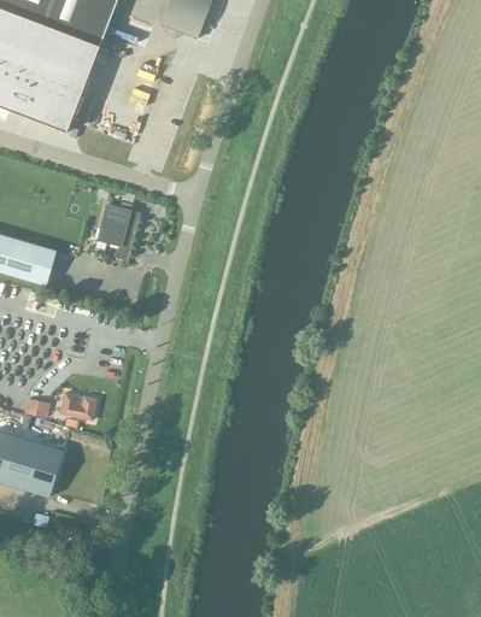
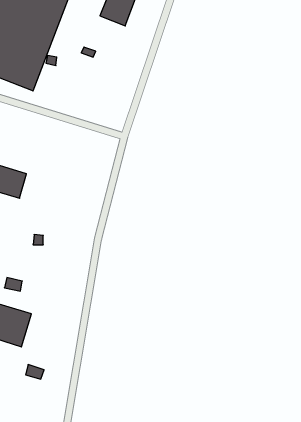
building: [96,201,139,258] -> none
building: [60,392,95,419] -> none

